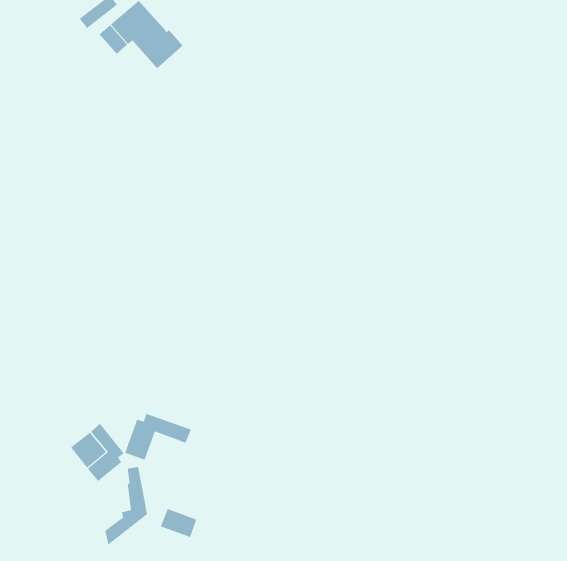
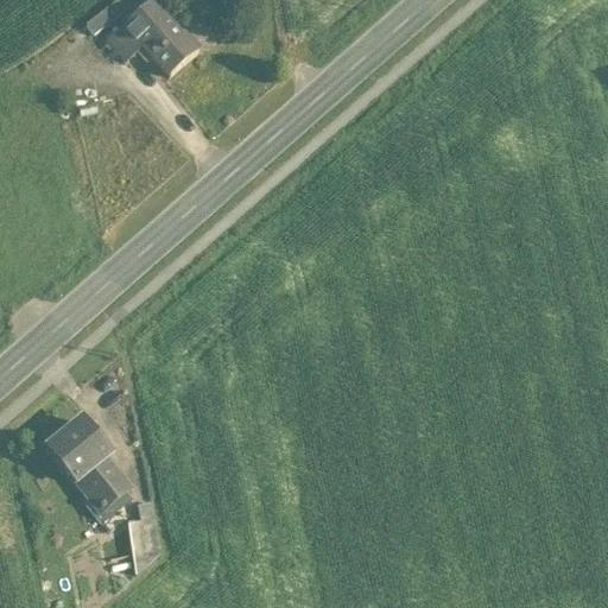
building: none -> [48,419,107,479]
building: [125,413,192,460] -> none
building: [160,508,197,538] -> none

